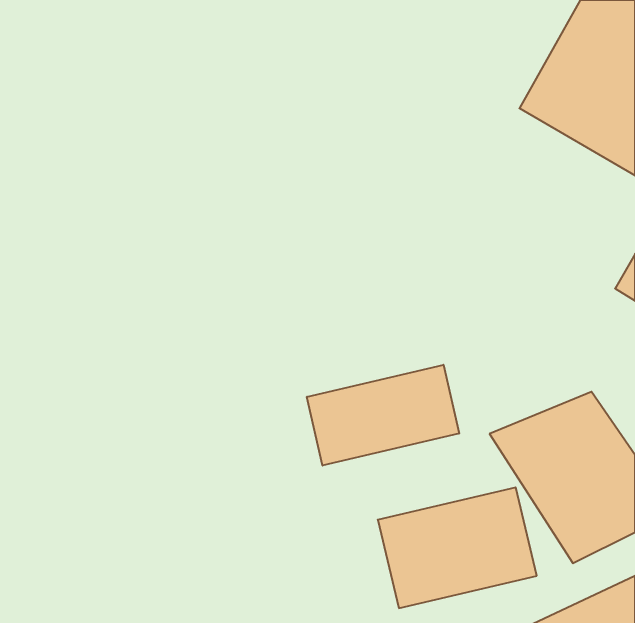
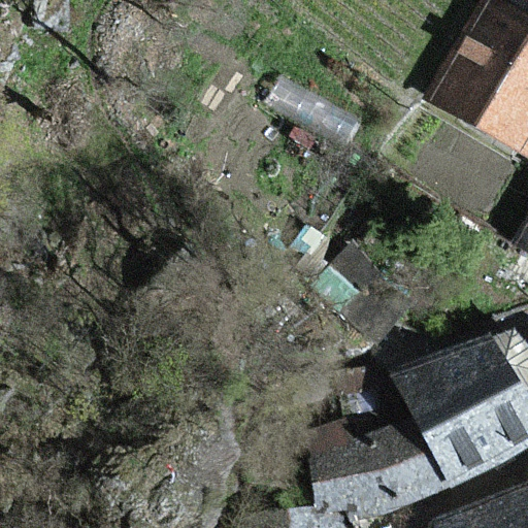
building: [307,365,459,466] -> none

